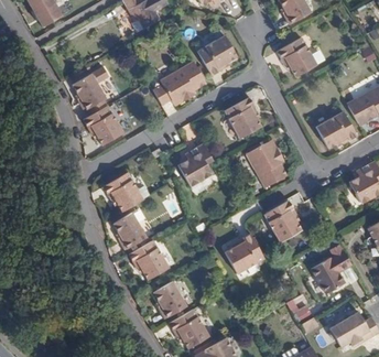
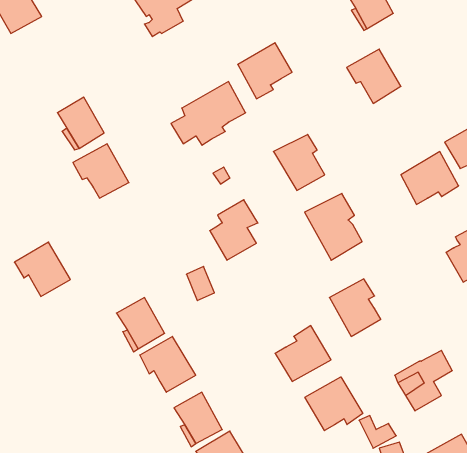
building: [104,174,143,213] -> [14,242,70,296]
building: none -> [305,377,363,431]

